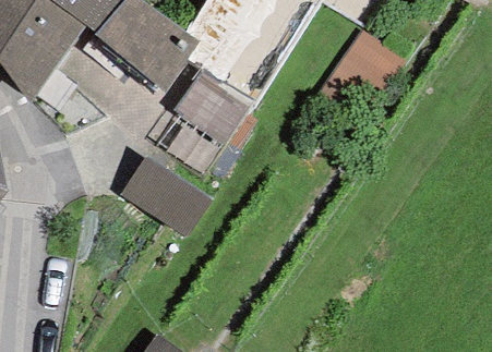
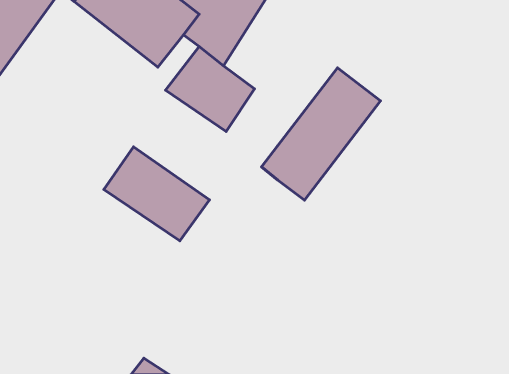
building: none -> [262,68,380,200]

